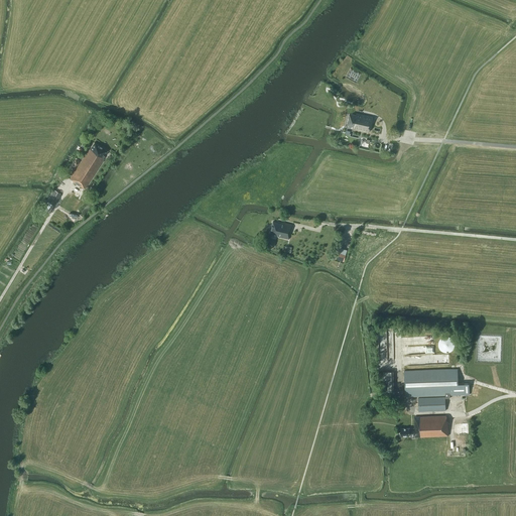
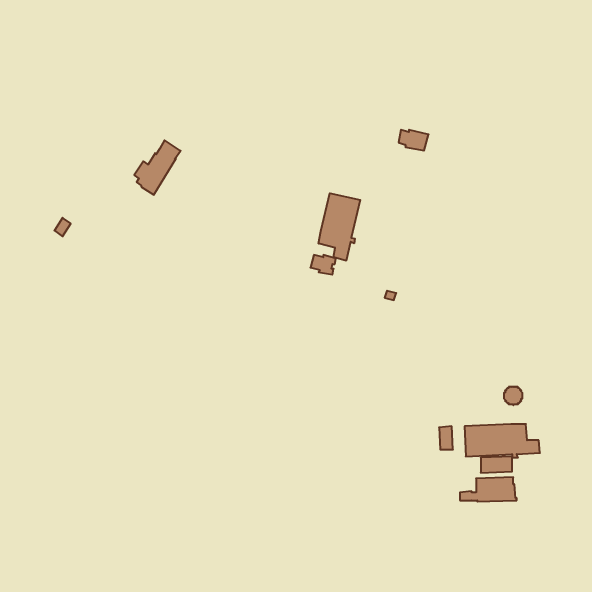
building: [68,142,108,189] -> [134,140,181,195]
building: none -> [319,193,360,261]

